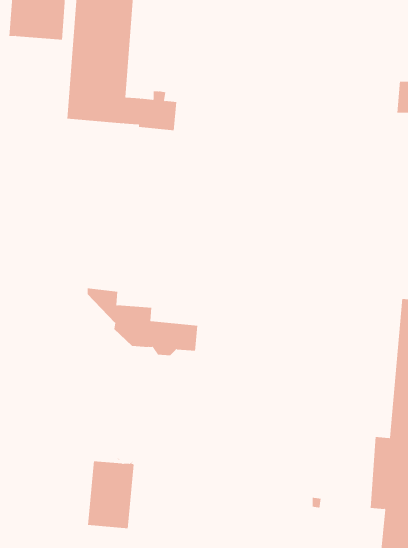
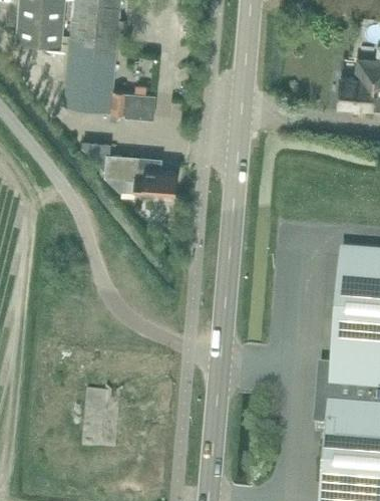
building: [87,288,198,356] -> [83,143,175,199]

